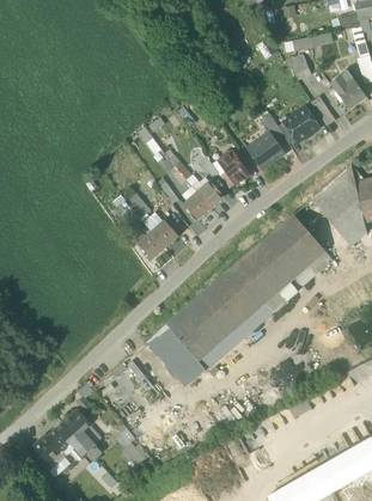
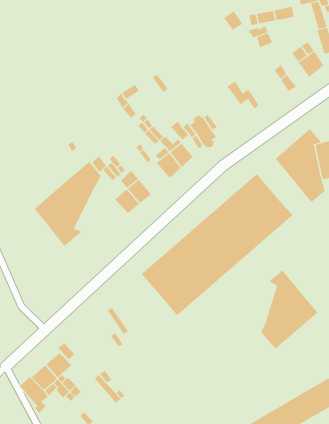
building: [283,108,318,142] -> none
building: [249,134,282,167] -> none
building: none -> [34,161,102,247]
building: none -> [261,269,318,350]
building: [148,324,206,385] -> none

